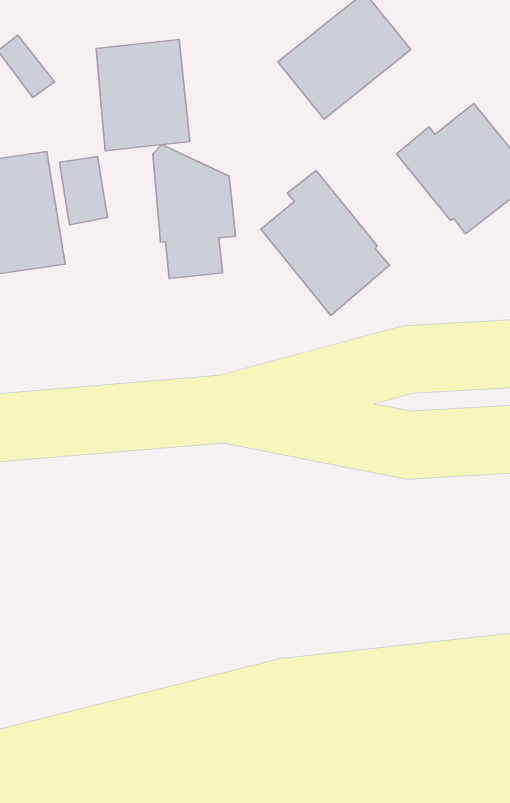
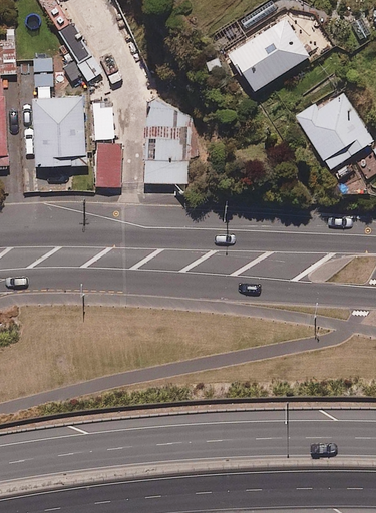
building: [96,39,190,151] -> none
building: [261,170,389,316] -> none
building: none -> [95,143,122,187]

